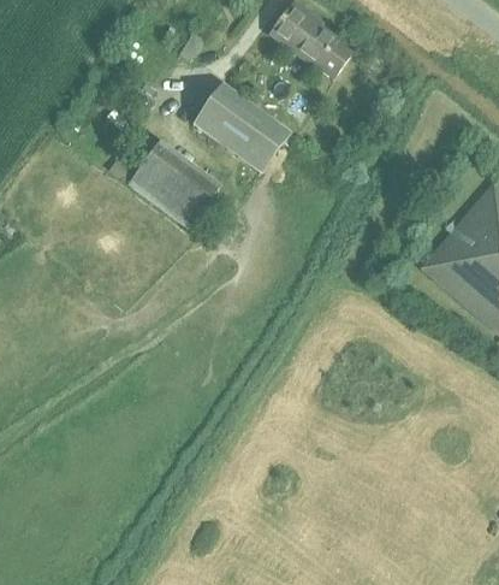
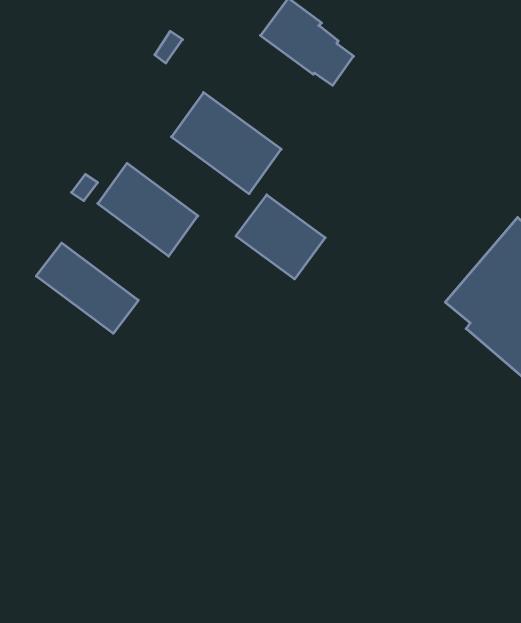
building: none -> [236,195,325,279]
building: none -> [36,243,138,333]

